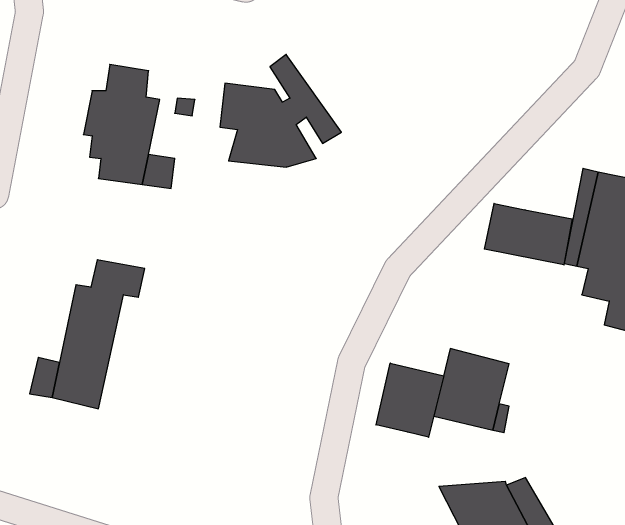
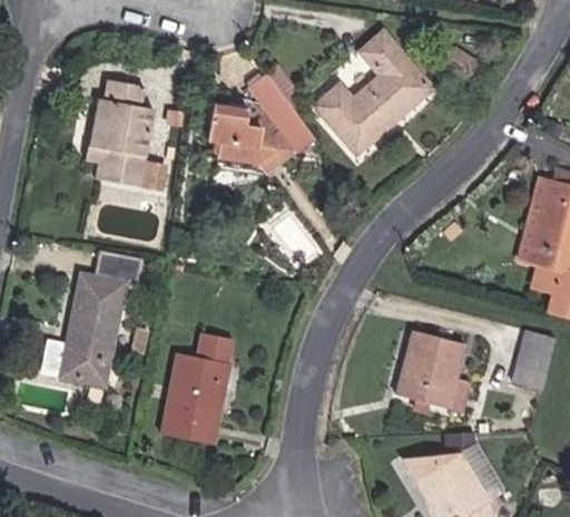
building: none -> [312,32,433,159]
building: [484,203,572,265] -> none
building: none -> [514,329,561,383]
building: none -> [165,336,236,448]
building: [376,363,444,437] -> none

